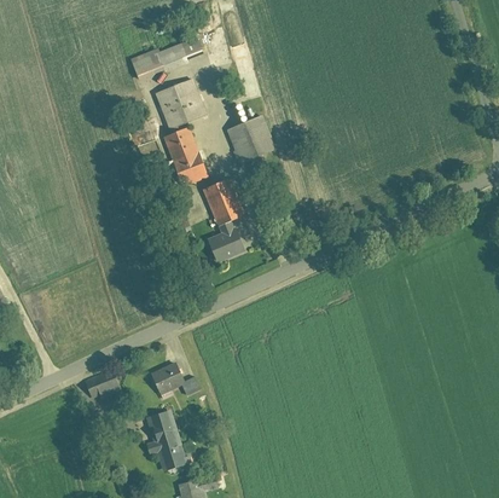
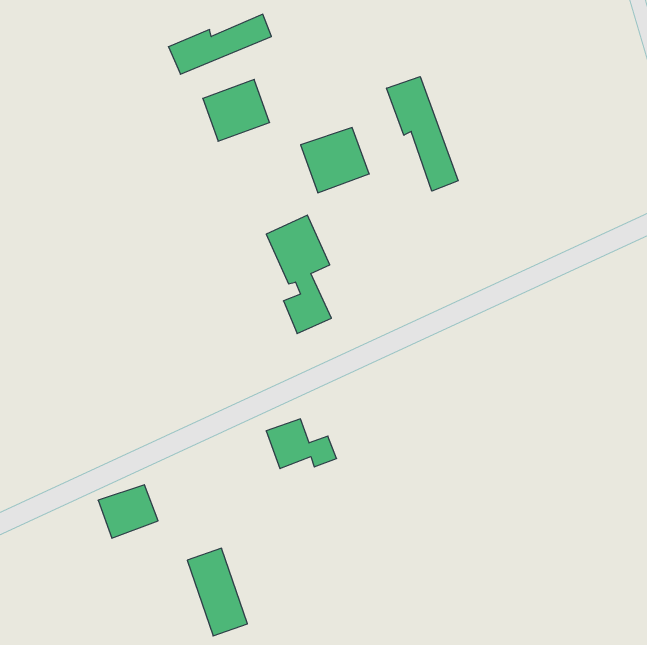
building: none -> [387,77,458,191]
building: [159,127,209,187] -> none
building: [152,361,202,396] -> [266,419,337,469]

